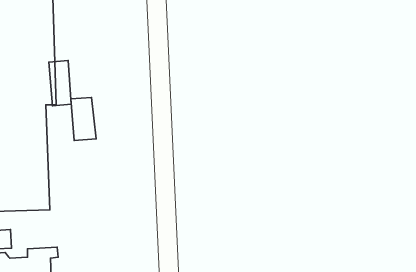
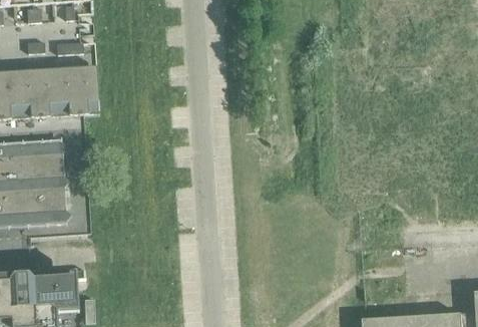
building: [71,97,96,141] -> none

